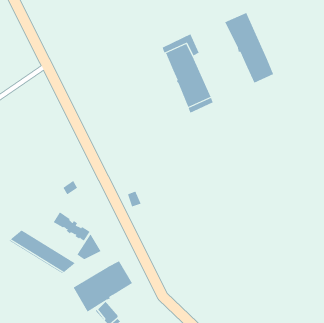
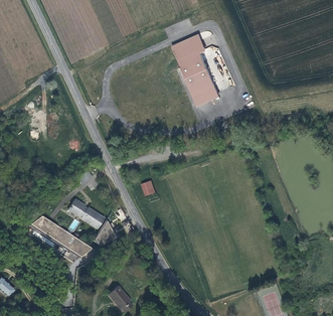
building: [225,12,274,83] -> none
building: [73,261,133,313] -> none

